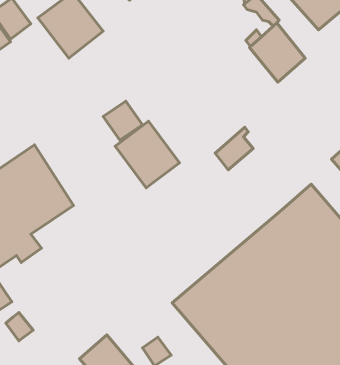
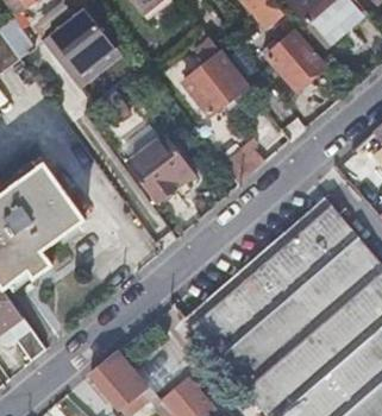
building: none -> [179,39,244,119]

